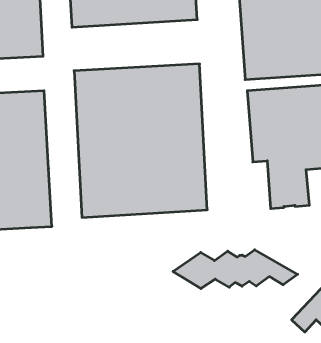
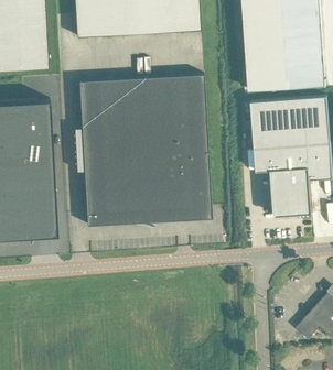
building: [173,250,298,289] -> none

